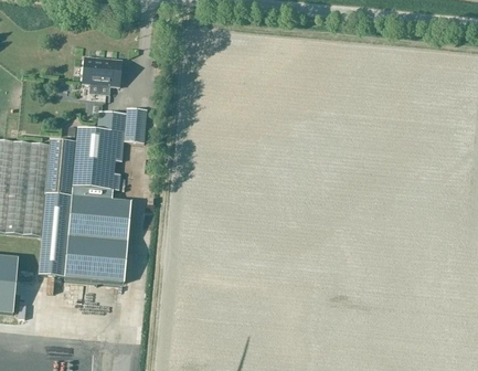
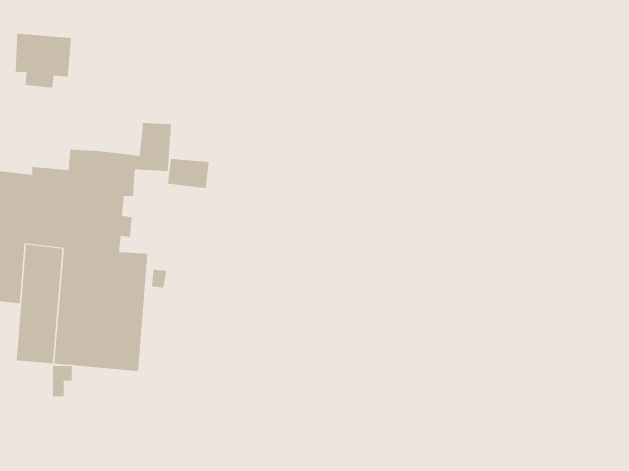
building: [82,56,121,95] -> [15,33,72,88]
building: [96,110,126,131] -> [167,159,210,189]

